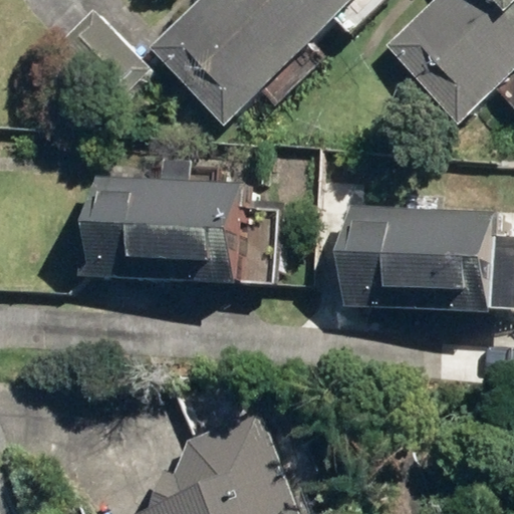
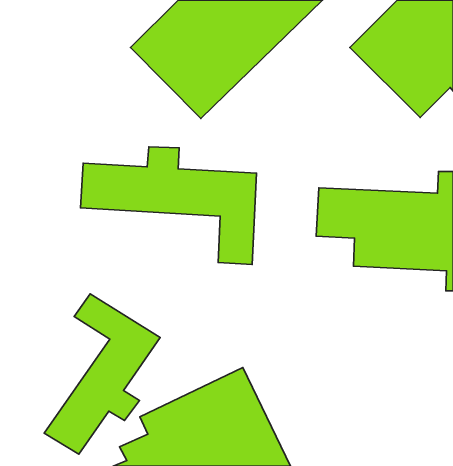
building: none -> [44,294,160,454]

